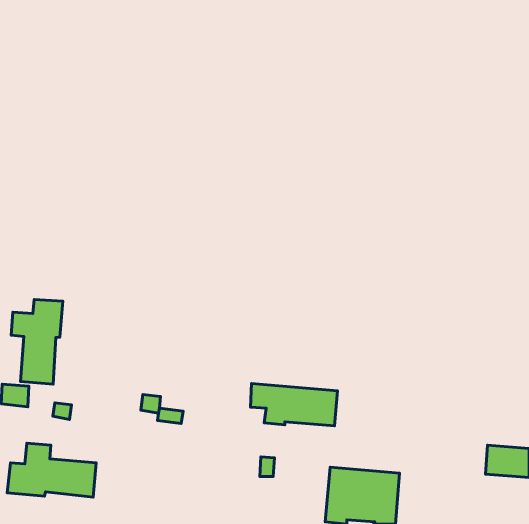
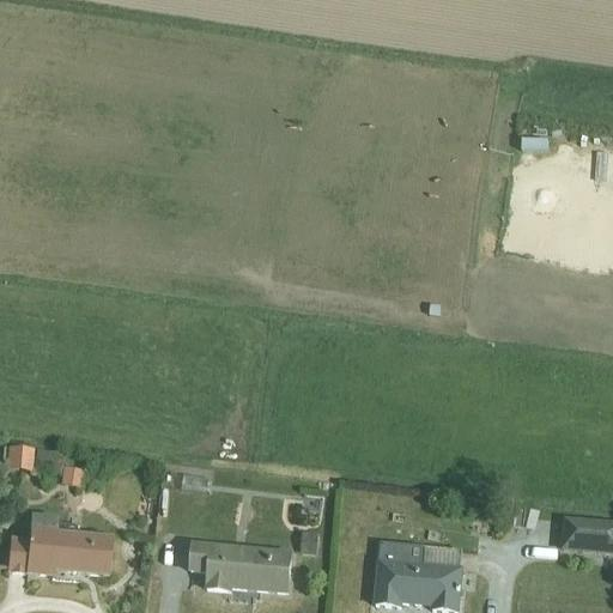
building: [11,299,63,384] -> none
building: [251,383,338,426] -> [192,541,292,590]

